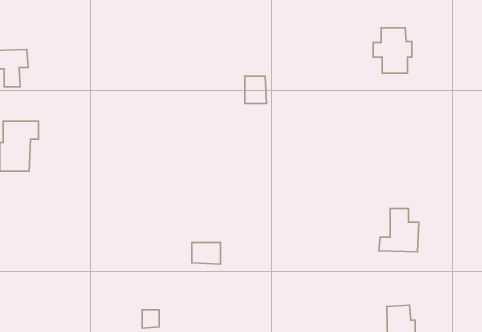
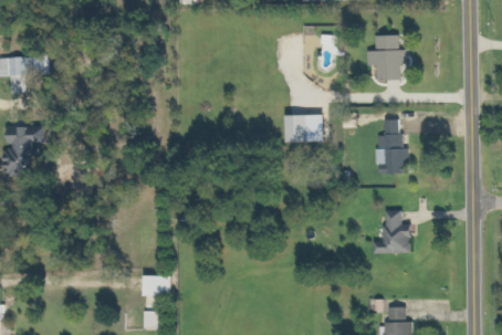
building: [245,76,266,103] -> [287,115,308,142]
building: none -> [376,118,405,174]
building: [192,242,220,264] -> [145,274,172,295]

